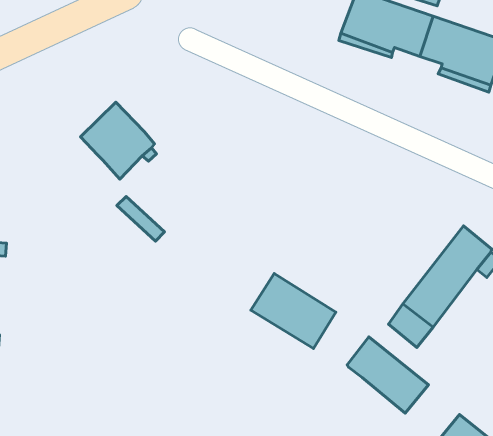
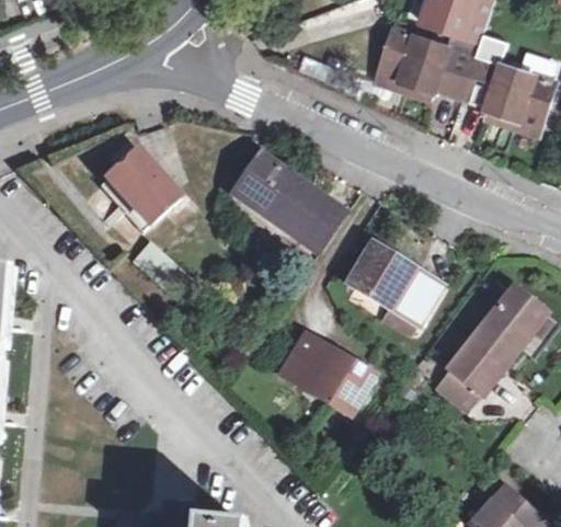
building: none -> [233,151,345,244]
building: none -> [348,242,439,321]
building: [347,337,428,413] -> none

